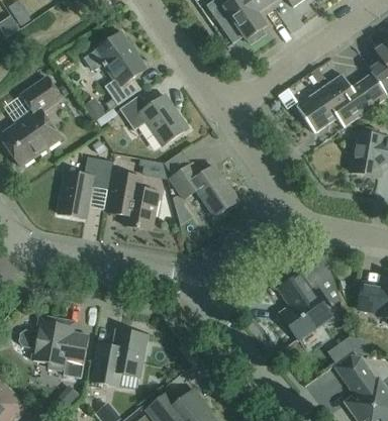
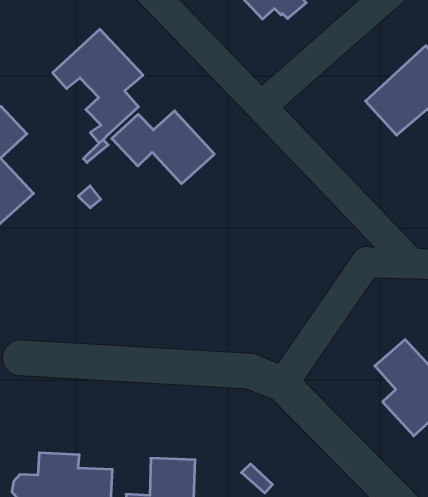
building: [58,156,112,218] -> none
building: [170,163,237,216] -> none
building: [108,173,159,230] -> none

